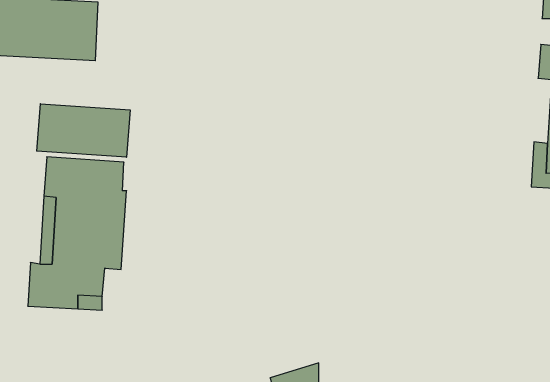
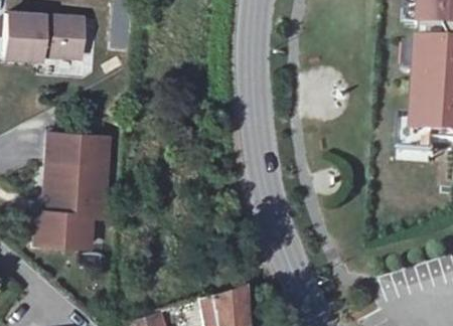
building: [37,104,130,157] -> none

